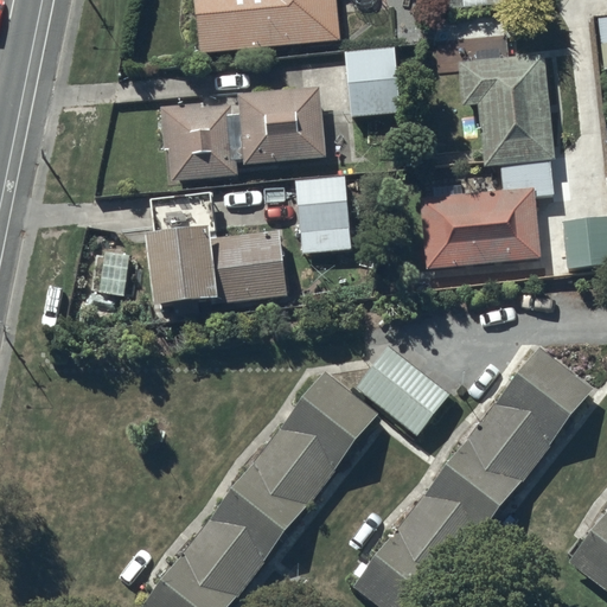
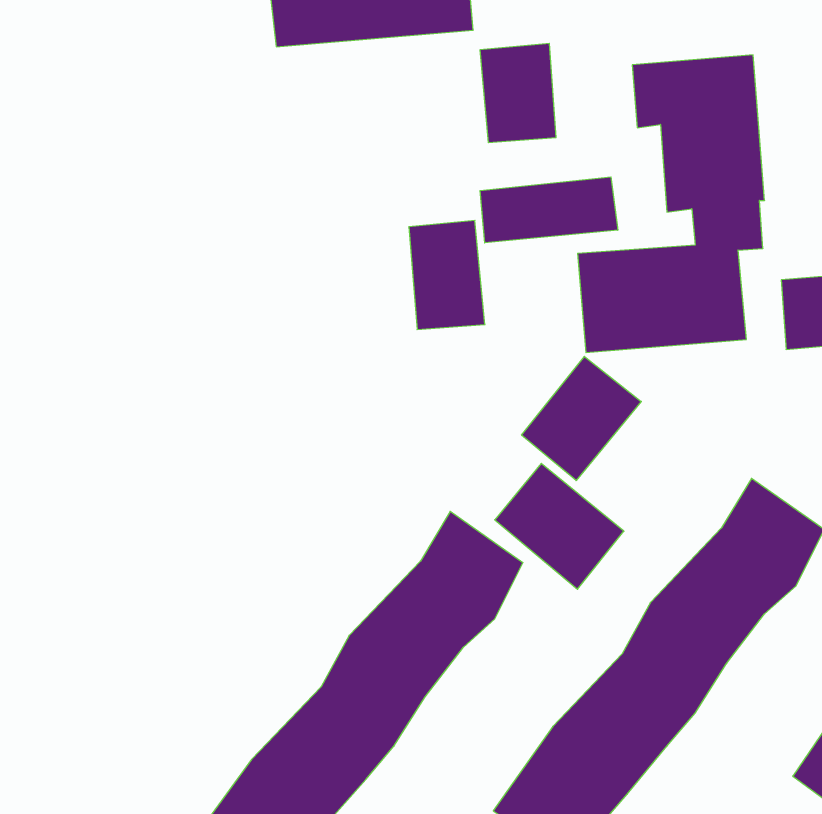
building: [159,85,322,178] -> none
building: none -> [480,177,618,243]
building: [147,189,286,313] -> none
building: none -> [522,356,641,481]

